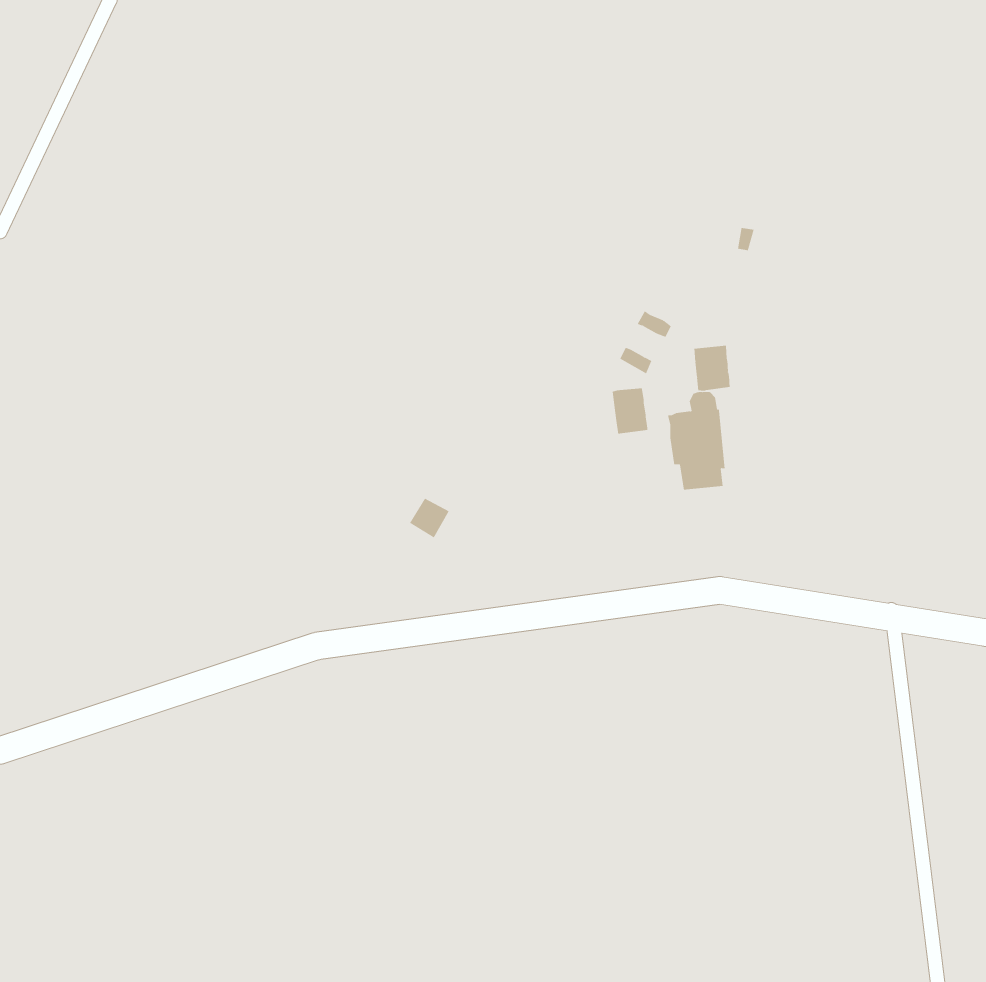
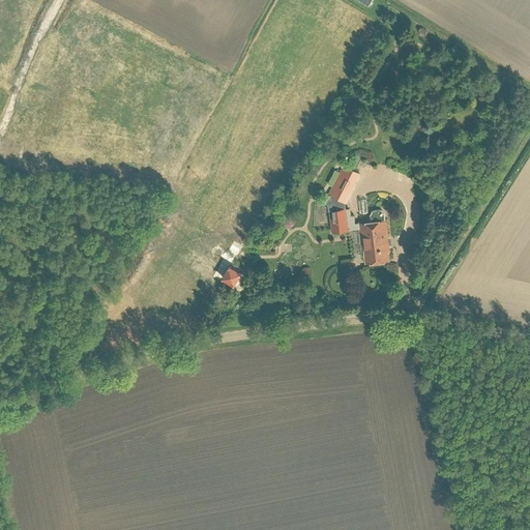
building: [694,345,730,391] -> none

